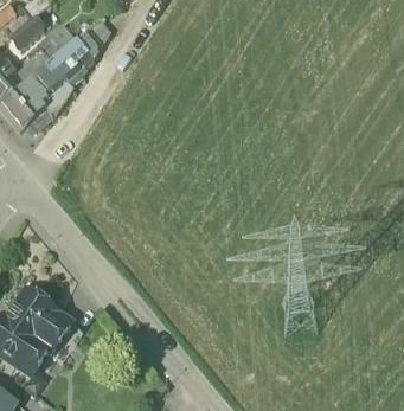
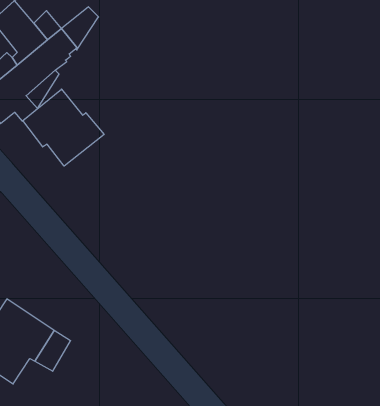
building: none -> [23,89,104,166]

